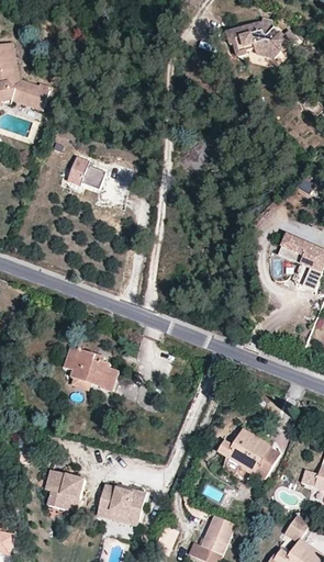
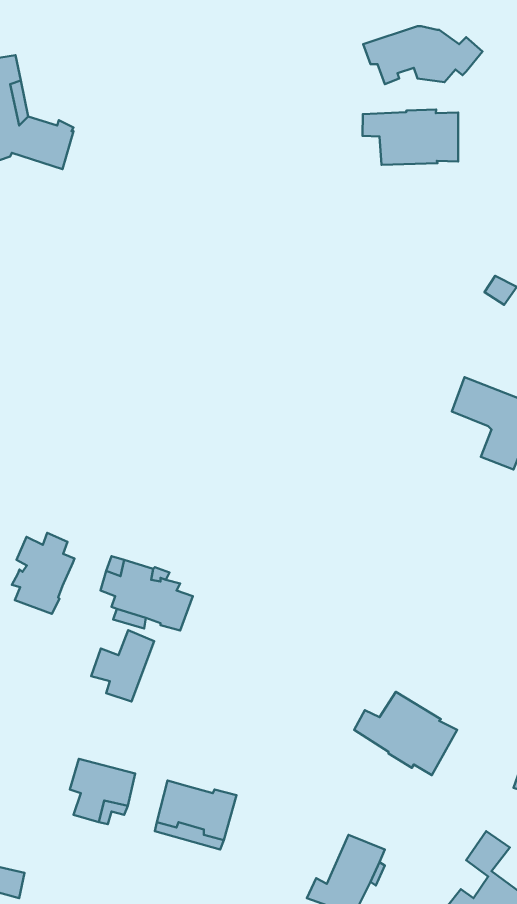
building: none -> [362,109,458,165]
building: [66,158,104,189] -> none
building: none -> [12,533,75,614]
building: none -> [91,630,154,701]

